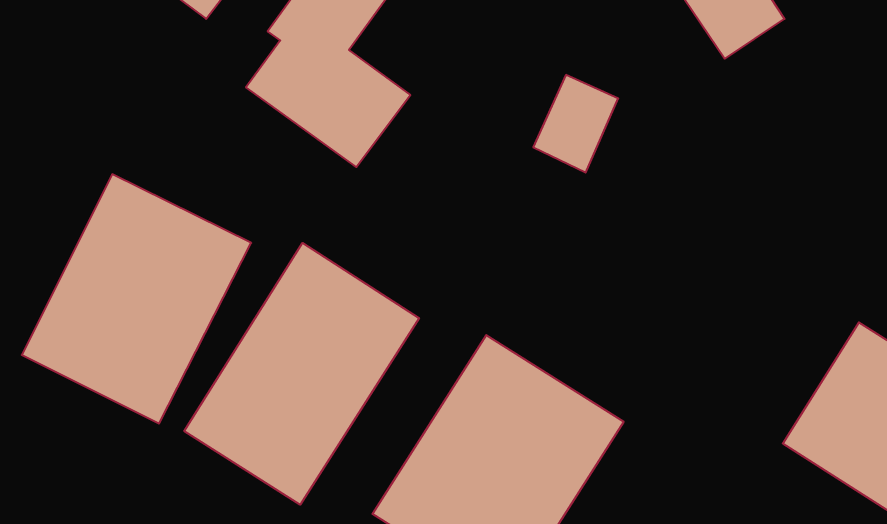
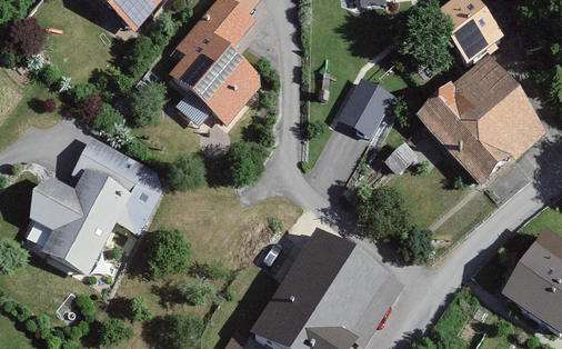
building: none -> [417,57,548,188]
building: [184,243,419,505] -> none

